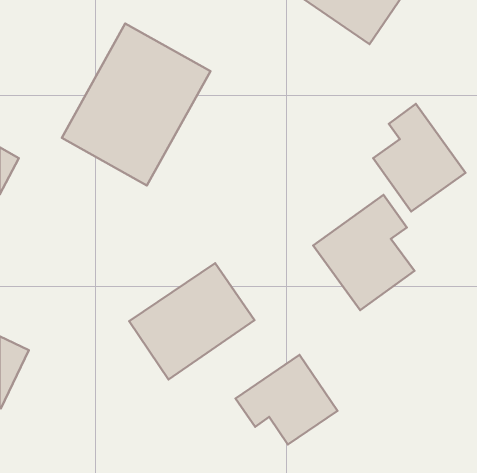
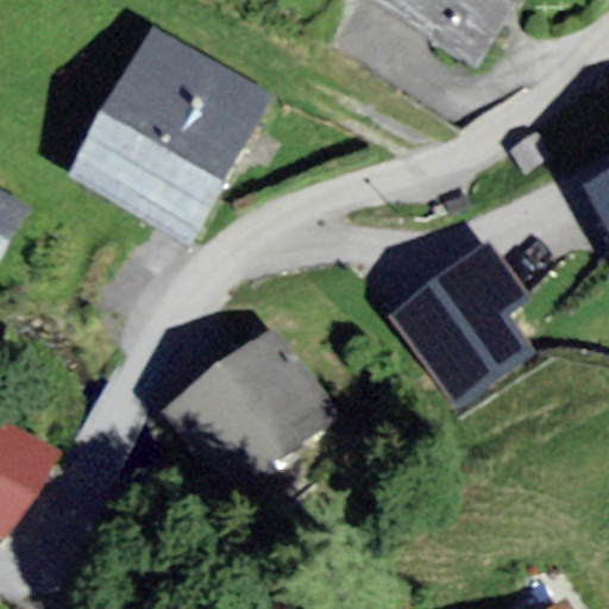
building: [373,104,465,212] -> none
building: [236,355,337,445] -> none

